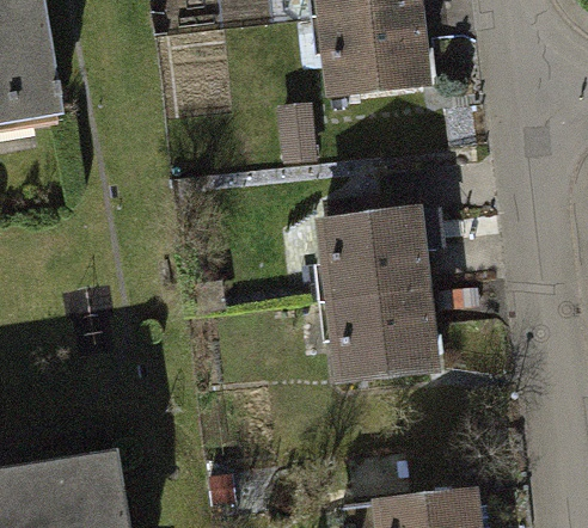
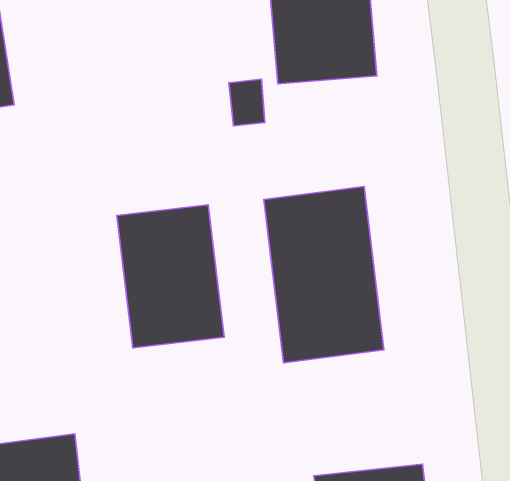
building: none -> [117,205,224,348]

